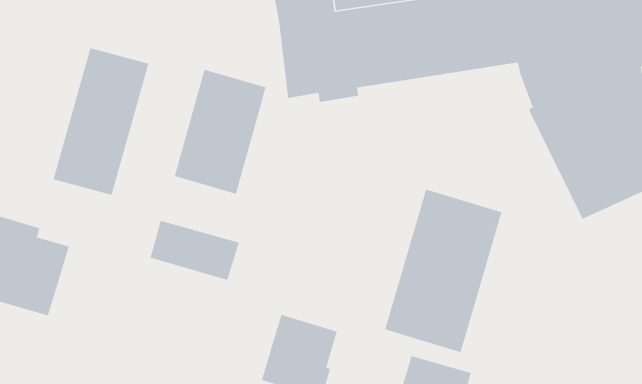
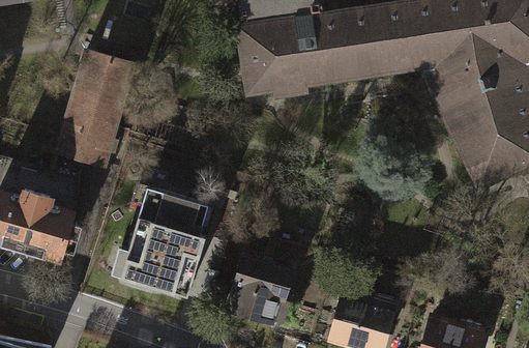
building: [174,69,267,195] -> none
building: [384,188,502,353] -> none
building: none -> [110,215,205,294]

